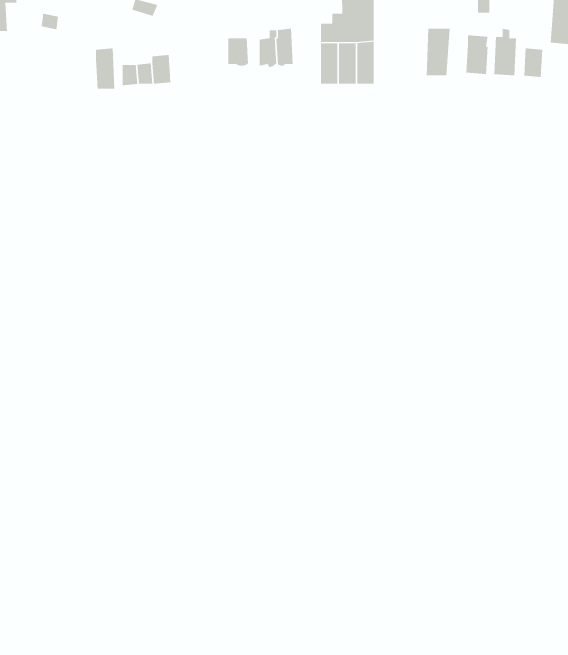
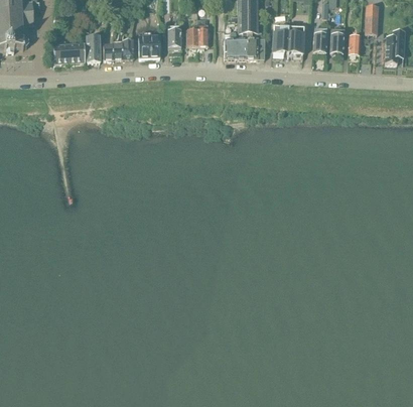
building: none -> [273,22,290,52]
building: none -> [139,35,160,56]
building: none -> [53,41,86,62]

